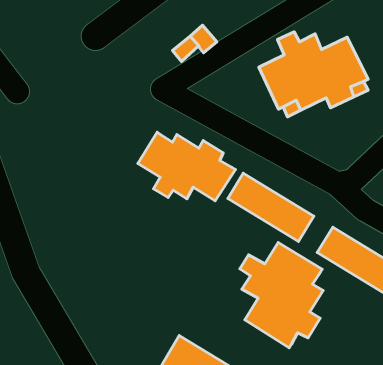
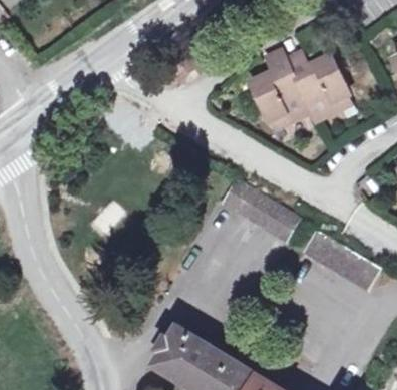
building: [138,132,235,201] -> none
building: [240,242,323,348] -> none

